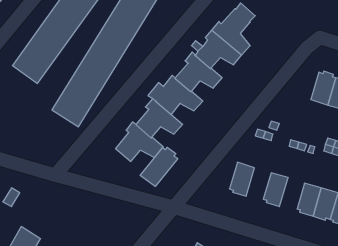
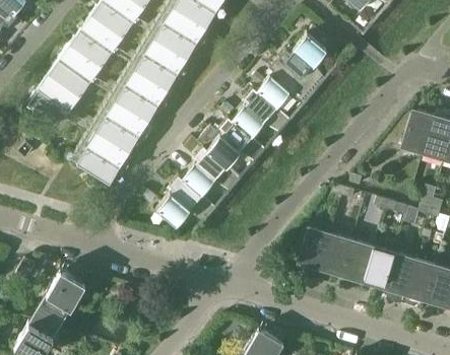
building: [140,147,178,186] -> none
building: none -> [321,234,352,275]
building: none -> [363,246,394,287]
building: none -> [38,270,85,324]

